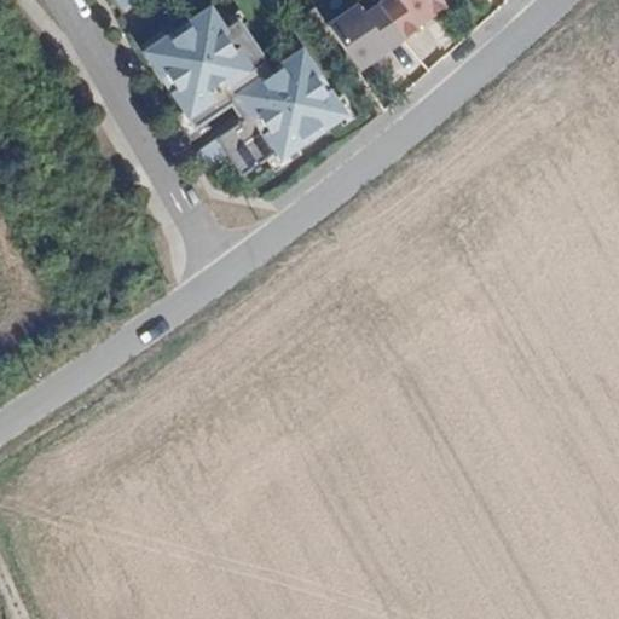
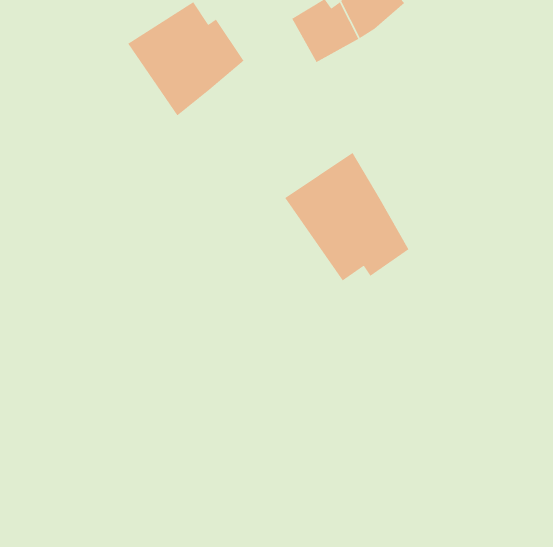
building: [198,45,349,175] -> none
building: none -> [284,152,409,281]

